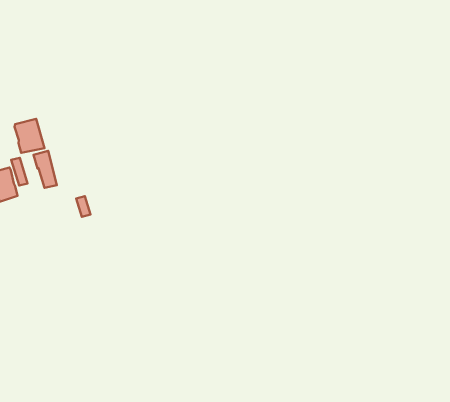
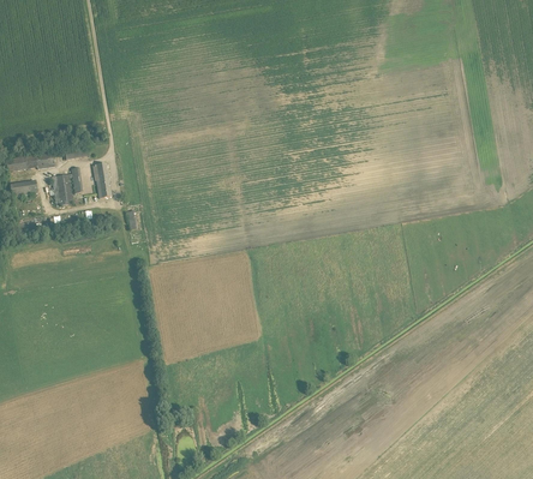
building: [15,119,44,153] -> none

